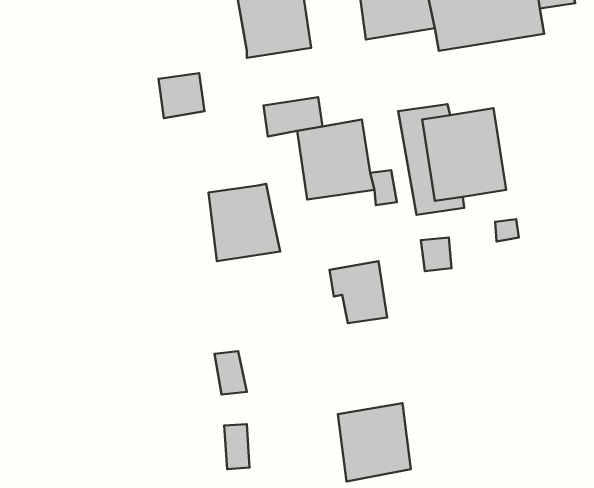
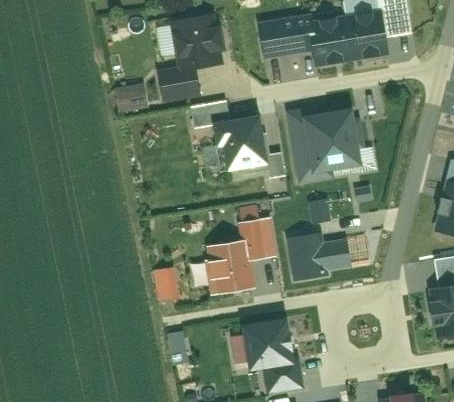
building: none -> [158,66,200,103]
building: [209,184,280,261] -> [205,240,256,295]
building: none -> [287,232,352,282]

